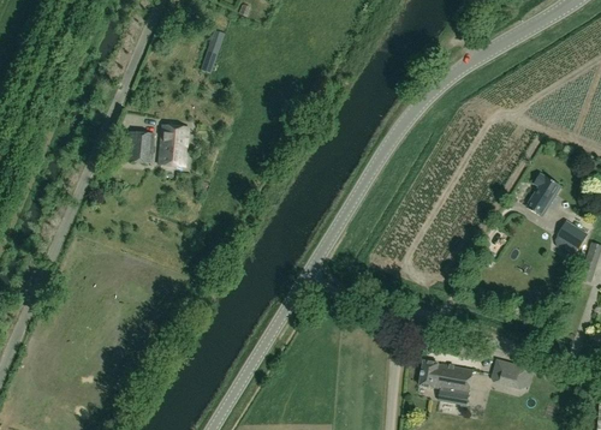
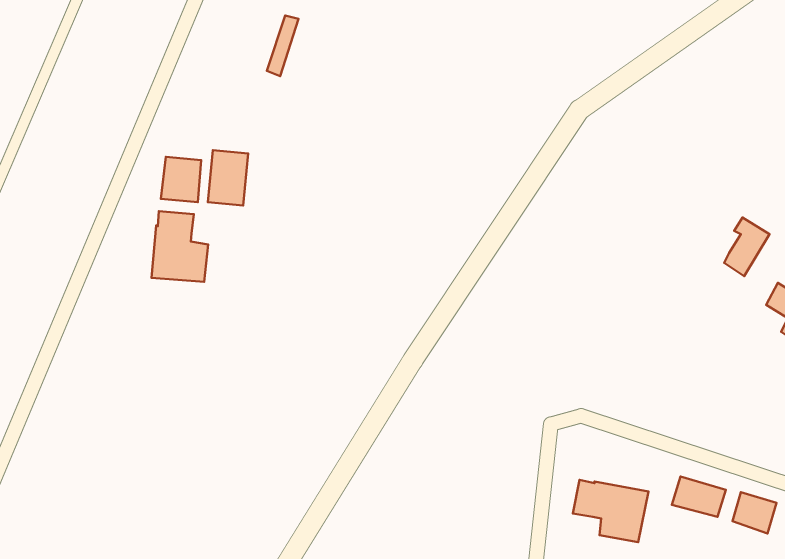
building: none -> [151,211,208,282]
building: none -> [732,492,777,533]

